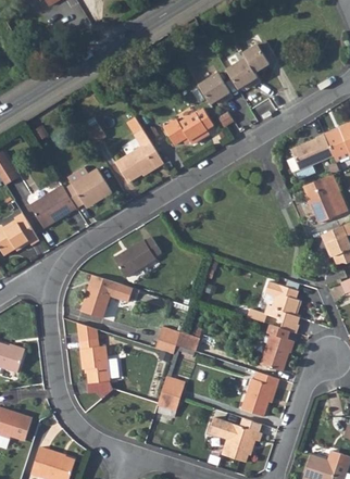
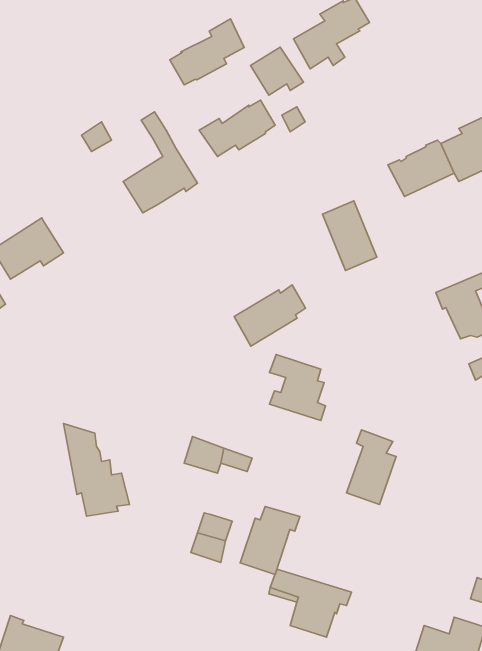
building: none -> [170,19,244,85]
building: [61,165,109,209] -> none
building: [301,177,337,223] -> [322,201,377,270]
building: [117,236,164,276] -> [234,285,305,346]
building: [79,274,130,318] -> none
building: [262,282,299,326] -> [269,354,326,421]
building: [240,371,279,416] -> [240,506,300,574]

